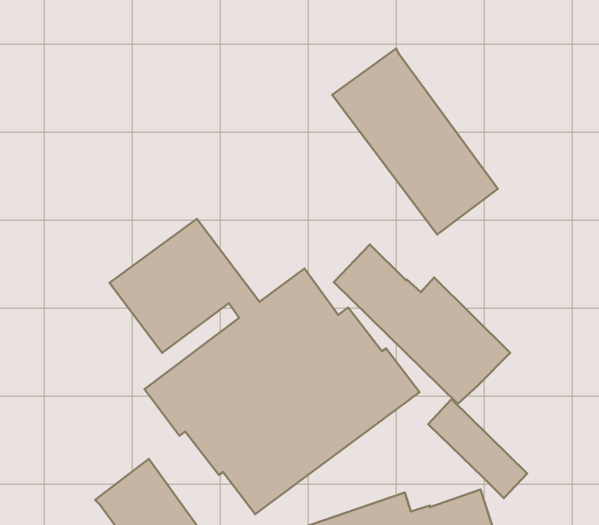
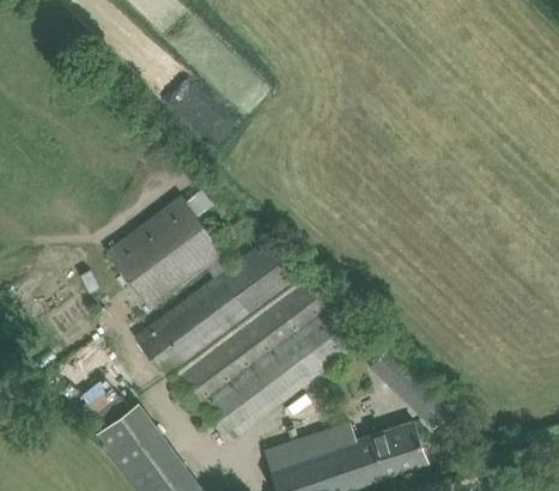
building: [332,48,498,234] -> none
building: [334,245,510,404] -> none

